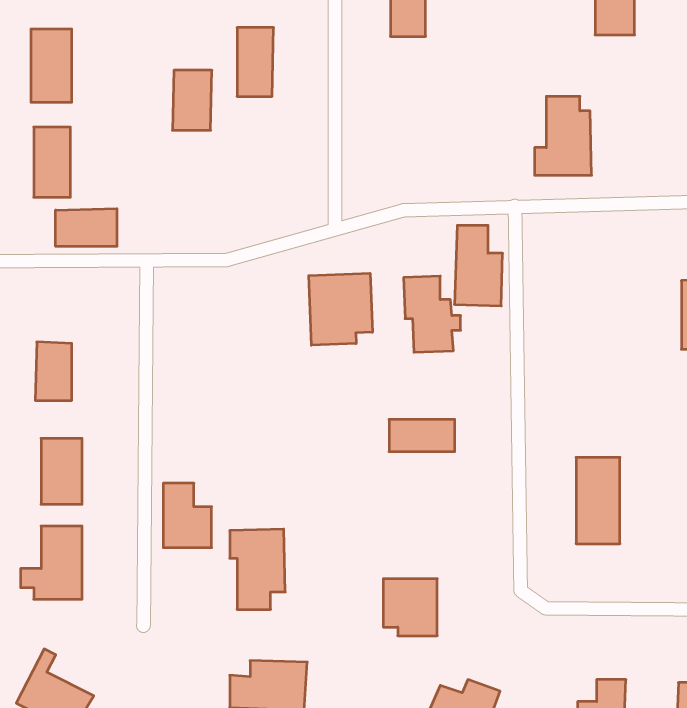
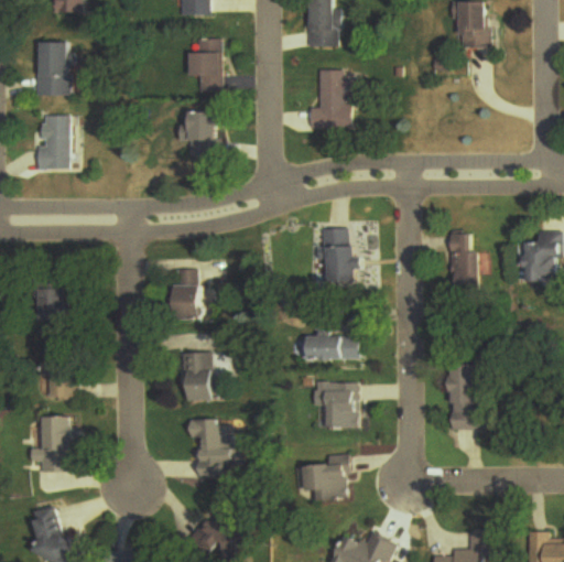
building: [172,70,212,130] -> [187,112,217,158]
building: [535,96,592,175] -> [308,68,351,128]
building: [56,209,117,246] -> none
building: [454,225,503,306] -> [447,231,484,292]
building: [309,273,372,345] -> none
building: none -> [171,271,196,320]
building: none -> [323,383,351,429]
building: [163,483,212,548] -> [184,353,220,401]

